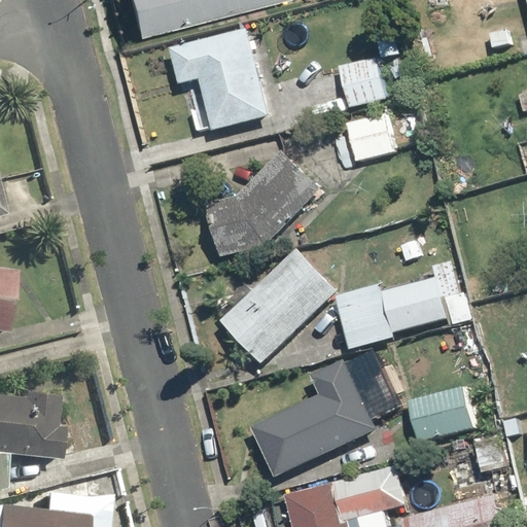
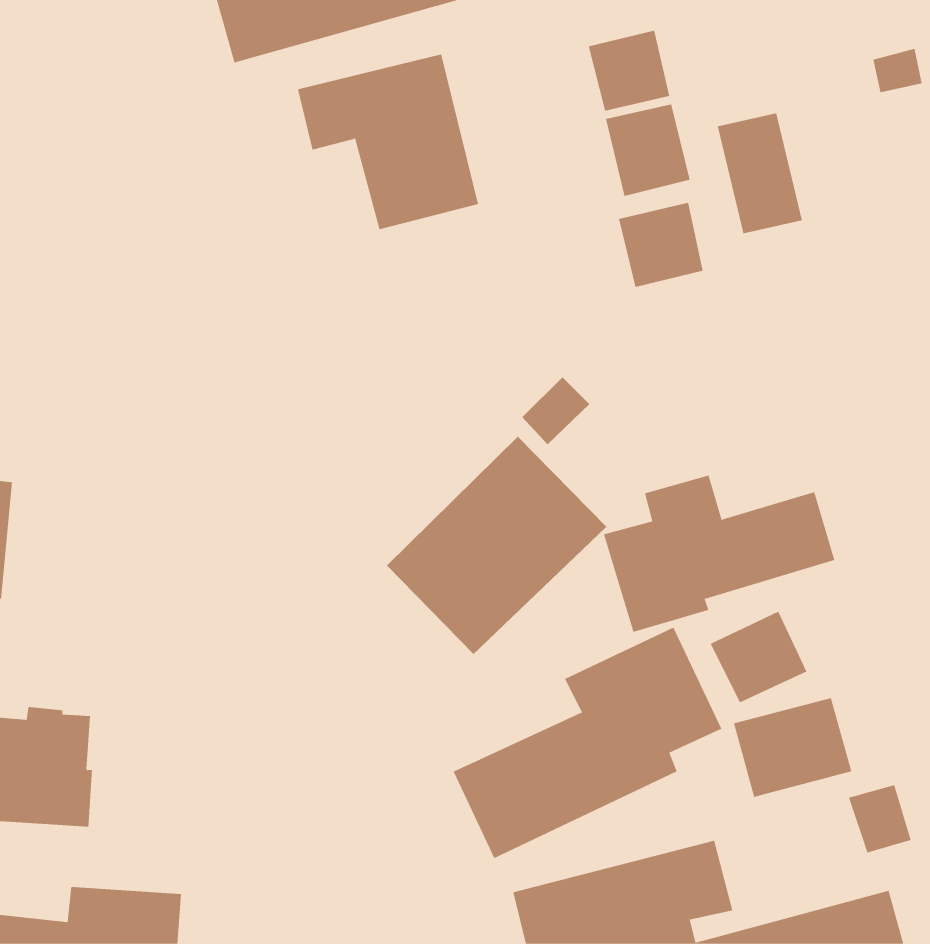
building: none -> [588,30,670,112]
building: none -> [717,113,802,234]
building: [208,151,320,257] -> none
building: none -> [710,611,807,703]

